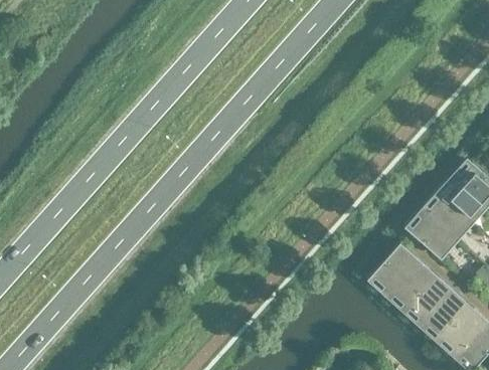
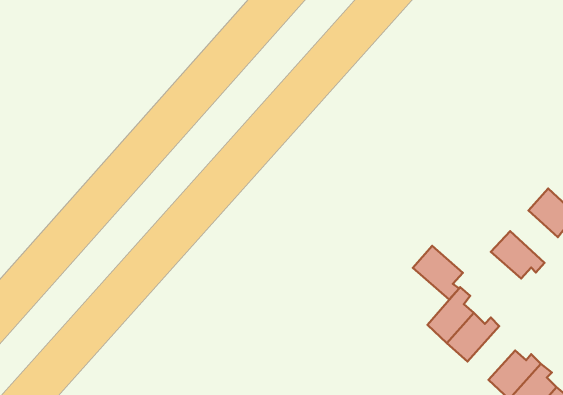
building: [441,181,480,224] -> none
building: [409,215,450,259] -> [413,246,463,300]
building: [405,276,445,321] -> none

